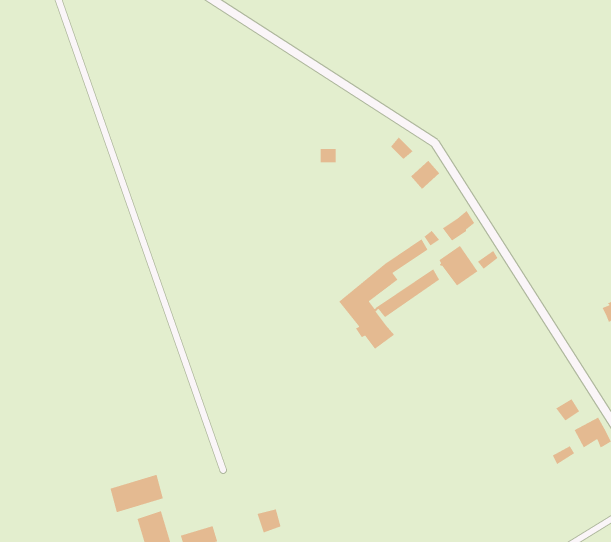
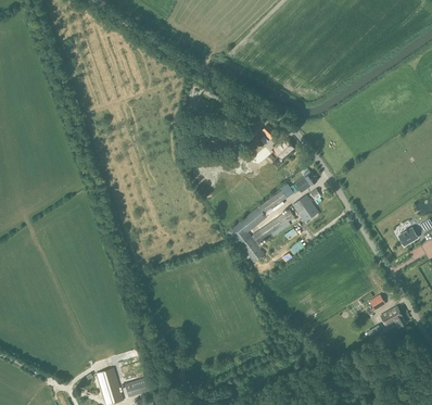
building: [110,474,164,513] -> none

